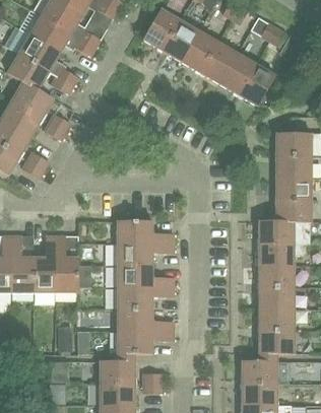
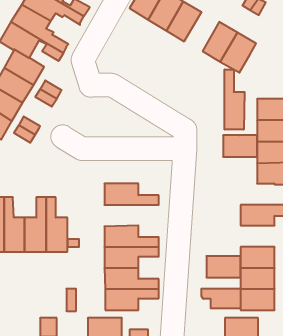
building: [199,43,236,83] -> none
building: none -> [225,69,245,130]
building: [258,221,294,244] -> [223,135,257,157]
building: [116,244,173,266] -> none
building: [258,265,294,287] -> [206,256,241,277]
building: none -> [201,289,241,308]

